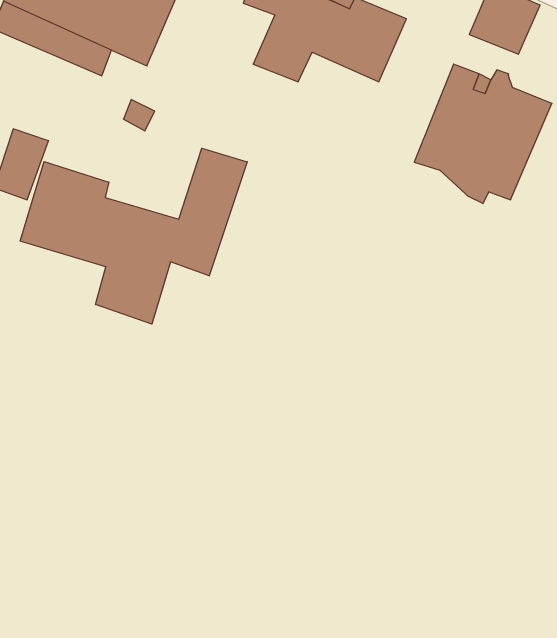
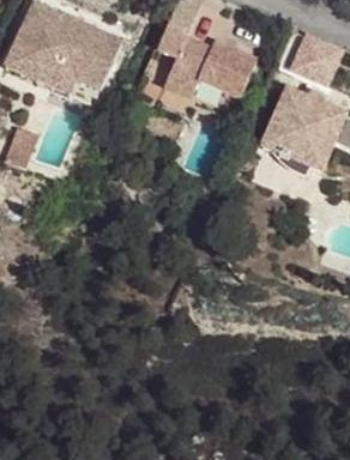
building: [20,148,247,324] -> none

